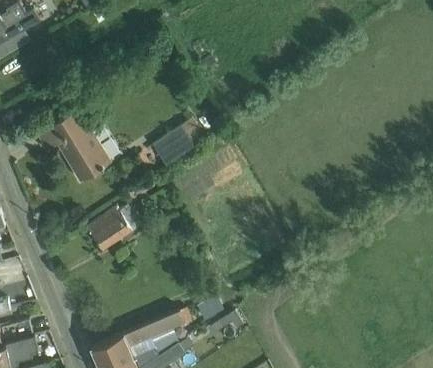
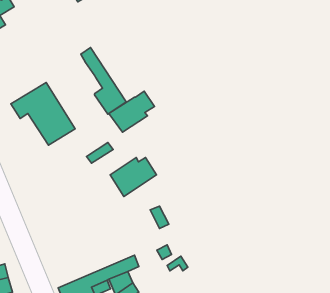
building: none -> [81,47,126,114]
building: [85,207,139,252] -> [110,158,157,196]

